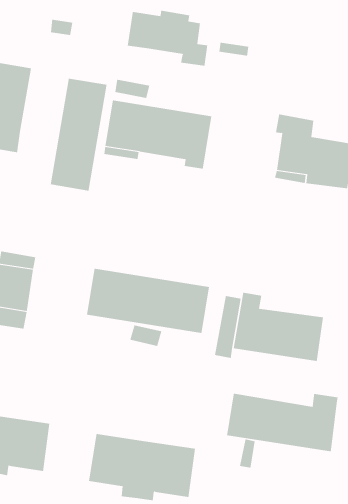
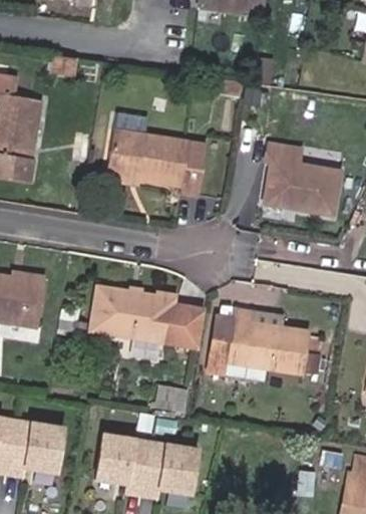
building: [127,10,208,67] -> none
building: [50,78,107,191] -> none
building: [226,393,338,452] -> none

